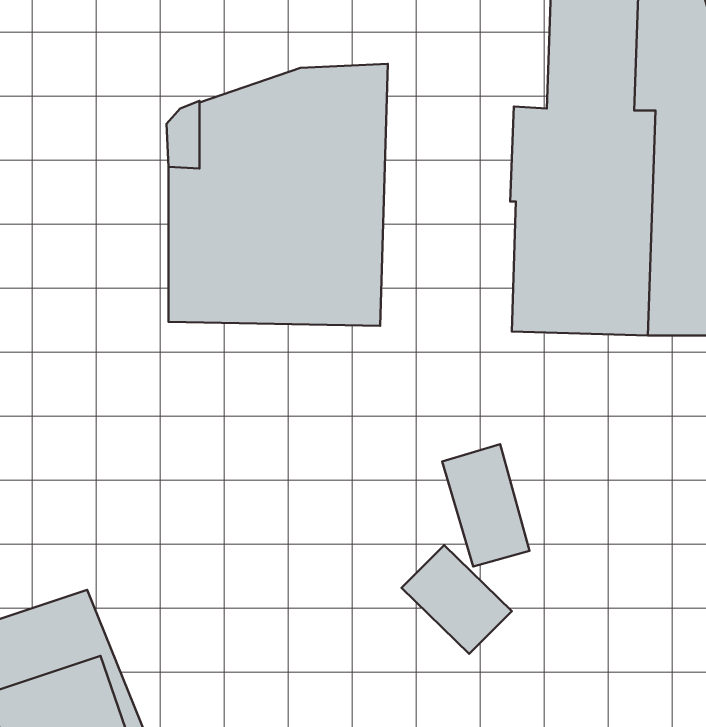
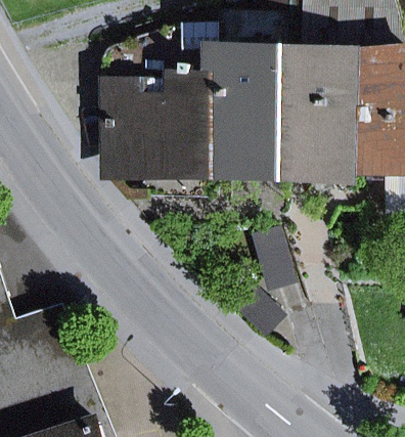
building: none -> [220,28,291,183]

